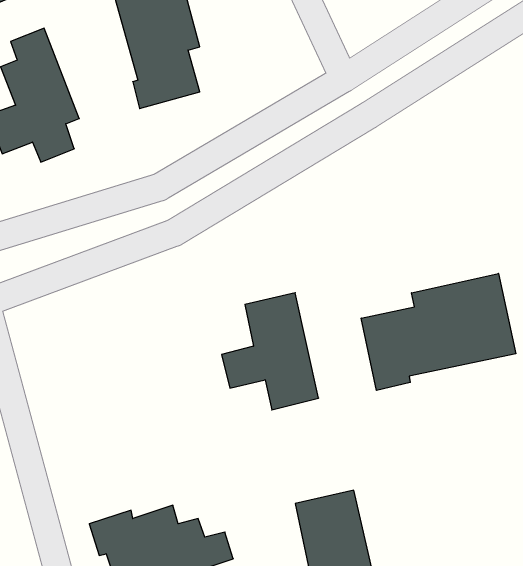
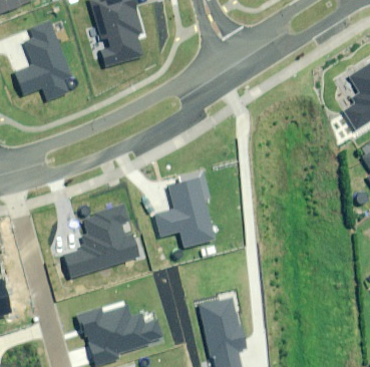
building: [361,273,516,390] -> none
building: none -> [63,206,138,277]

